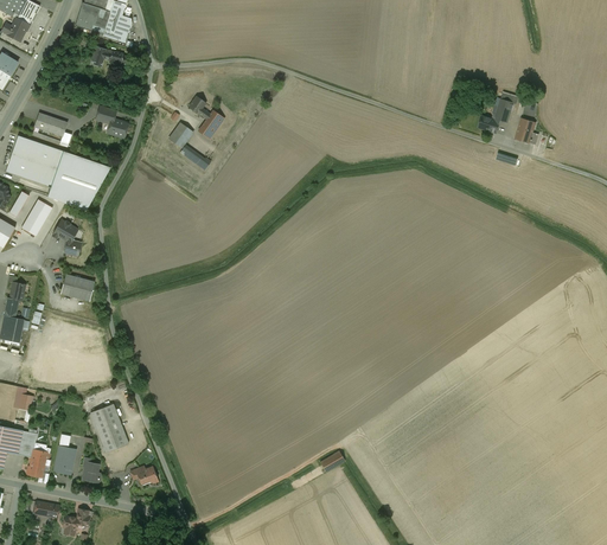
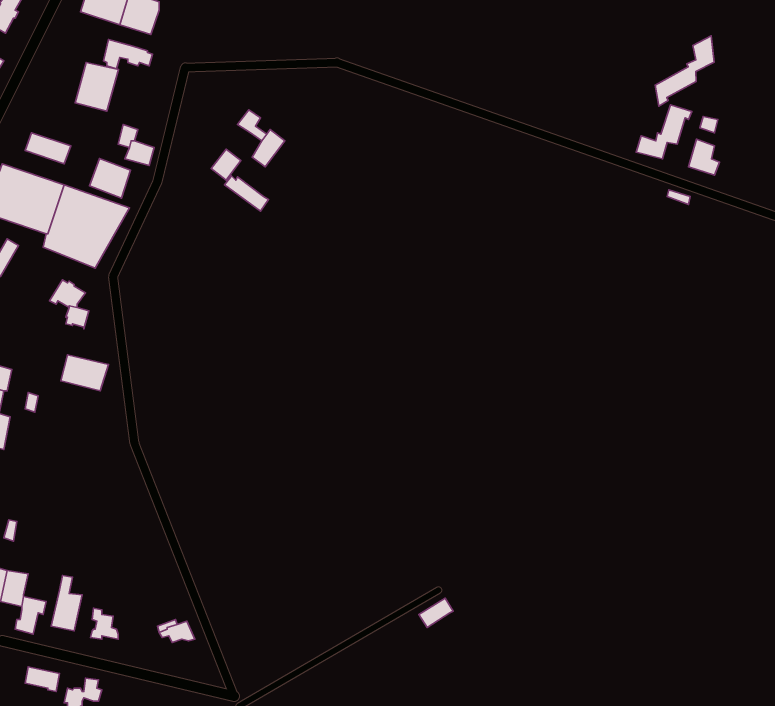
building: none -> [655,36,714,106]
building: none -> [75,62,118,111]
building: none -> [89,159,131,198]
building: [20,198,52,235] -> none
building: [89,403,127,451] -> none

